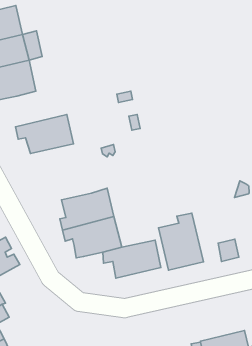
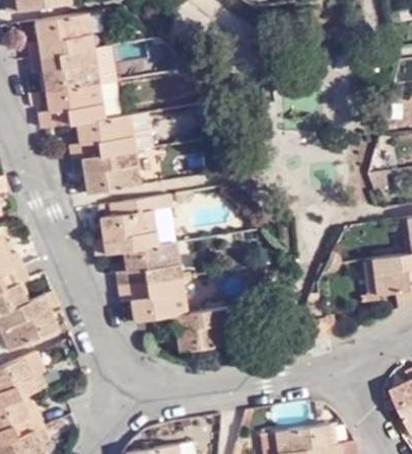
building: none -> [73,115,139,159]
building: none -> [95,195,175,254]
building: [159,213,204,270] -> none

